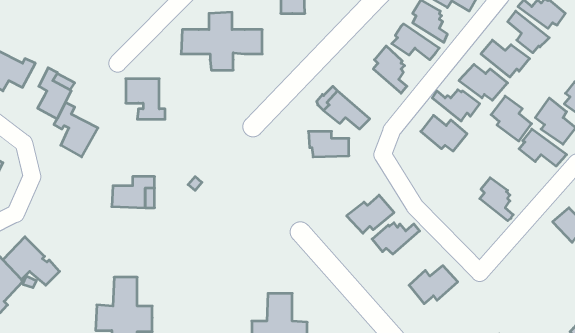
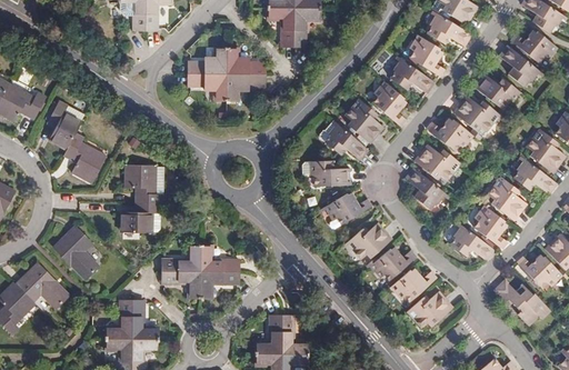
building: none -> [343,97,382,141]
building: [126,79,165,119] -> [123,164,161,203]
building: [491,96,532,141] -> [489,176,528,219]
building: none -> [406,168,445,208]
building: none -> [323,193,370,222]
building: none -> [53,223,99,280]
building: none -> [450,223,493,258]
building: none -> [162,243,241,300]
building: none -> [517,254,560,286]
building: none -> [391,270,436,300]
building: none -> [491,278,549,327]

